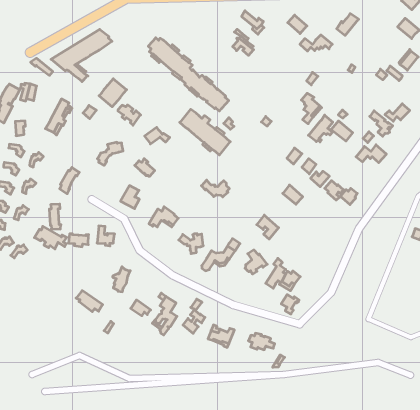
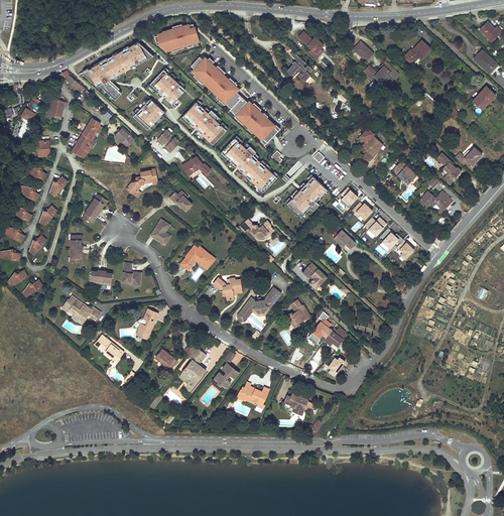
building: none -> [157,23,200,50]
building: none -> [150,70,185,104]
building: none -> [182,102,227,144]
building: [308,115,333,142] -> none
building: none -> [287,175,328,217]
building: [34,226,67,249] -> [60,296,97,322]

